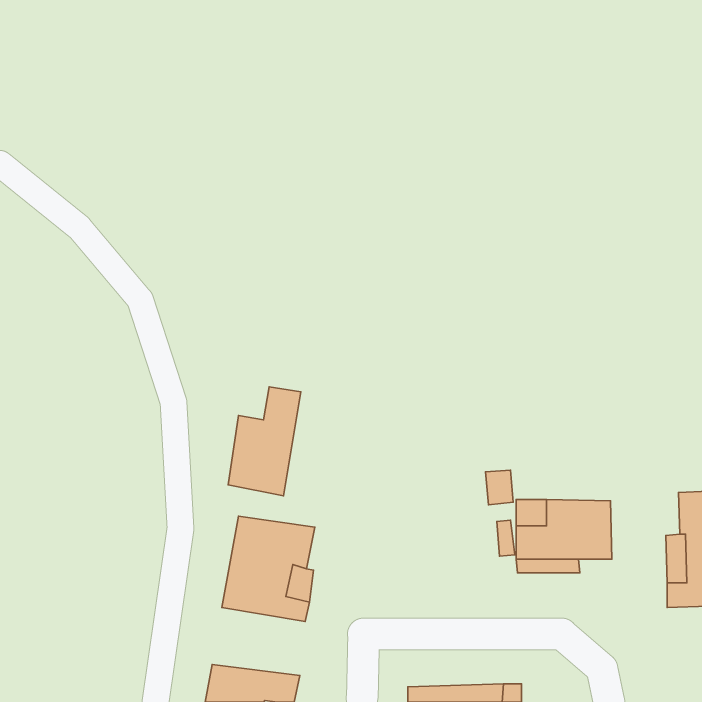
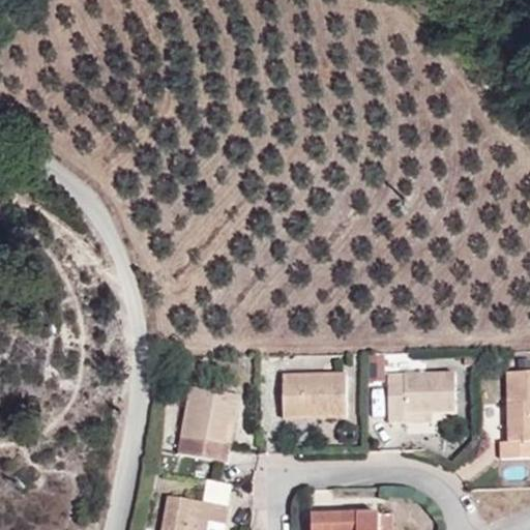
building: [228,387,301,496] -> none
building: none -> [281,373,346,417]

